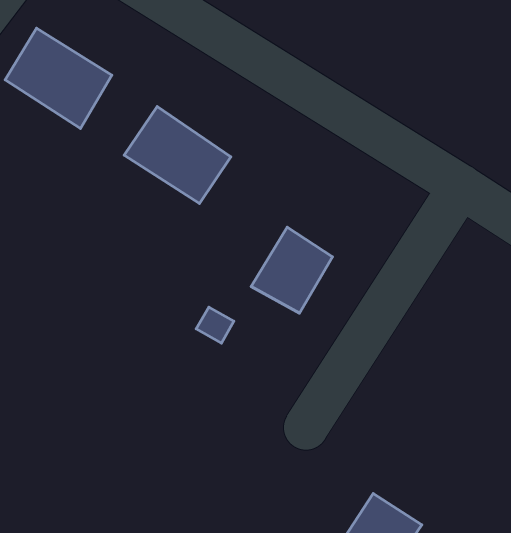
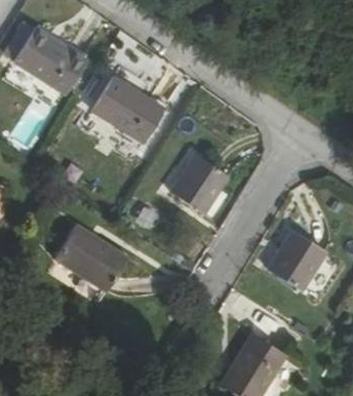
building: none -> [57,225,128,290]
building: none -> [268,235,325,291]

